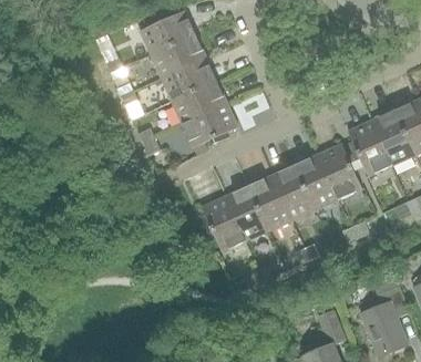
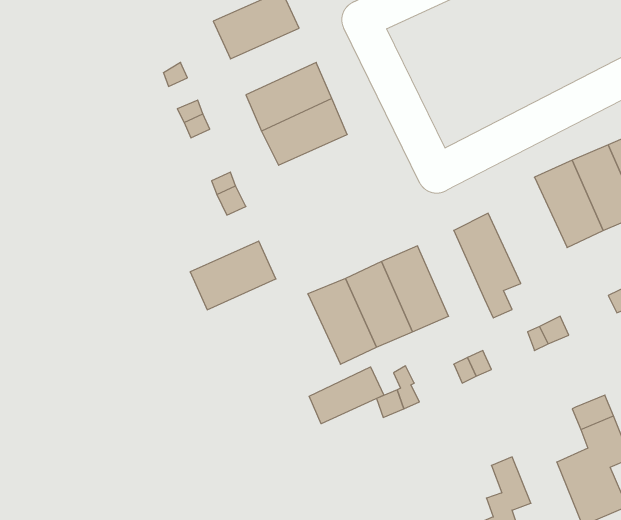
building: [151,34,206,77] -> none
building: [182,103,237,147] -> [190,241,276,310]
building: [317,143,361,199] -> none
building: [271,165,315,220] -> none
building: none -> [309,367,384,424]

